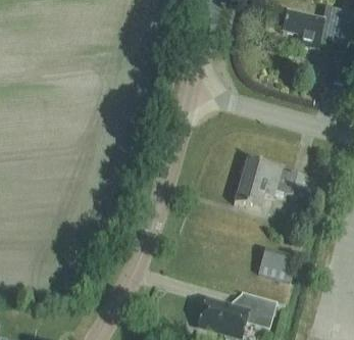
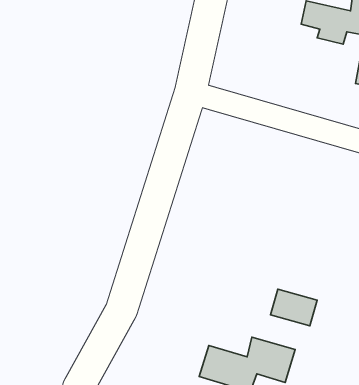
building: [233,157,315,208] -> none

